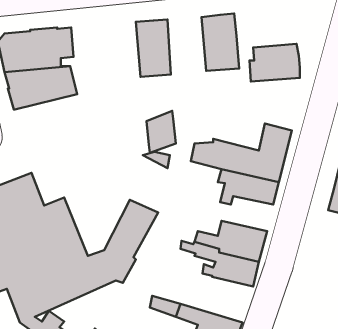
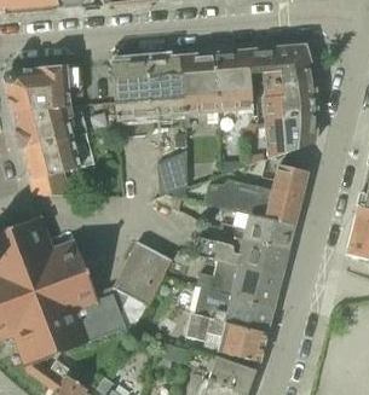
building: none -> [249,46,313,86]
building: none -> [180,54,220,114]
building: none -> [113,59,154,138]
building: none -> [266,117,317,159]
building: none -> [23,134,94,197]
building: none -> [195,236,289,275]
building: none -> [184,313,269,361]

